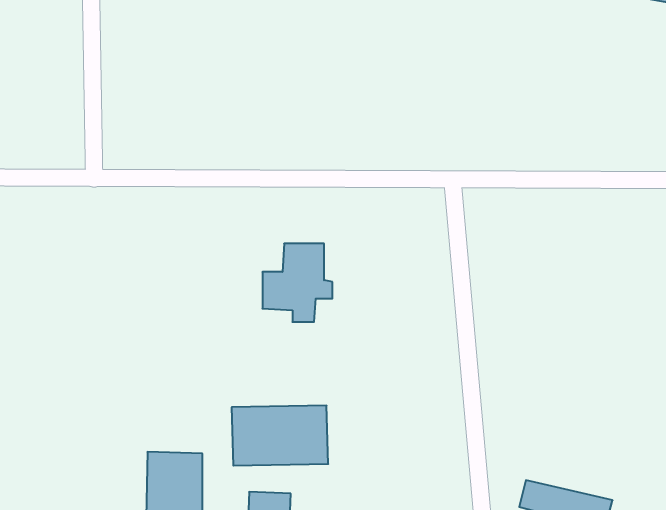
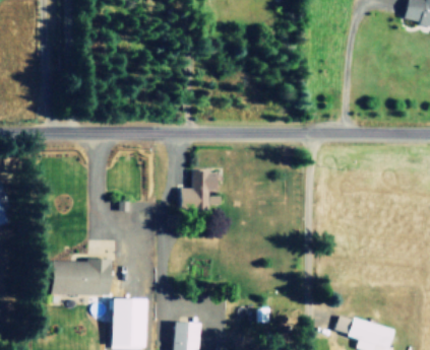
building: [232,406,328,466] -> [52,260,111,296]

